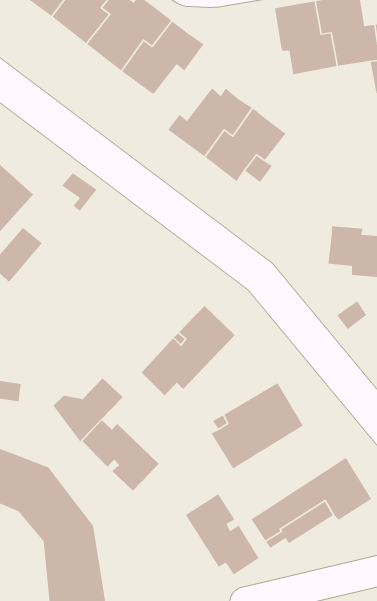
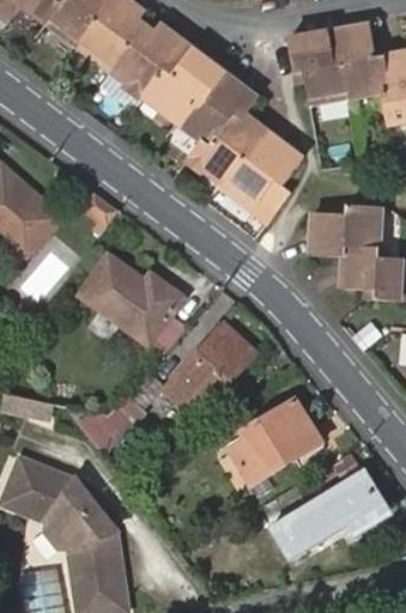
building: none -> [175,72,256,145]
building: none -> [309,202,381,254]
building: none -> [83,256,186,345]
building: [82,420,159,492] -> none
building: [185,493,259,575] -> none

